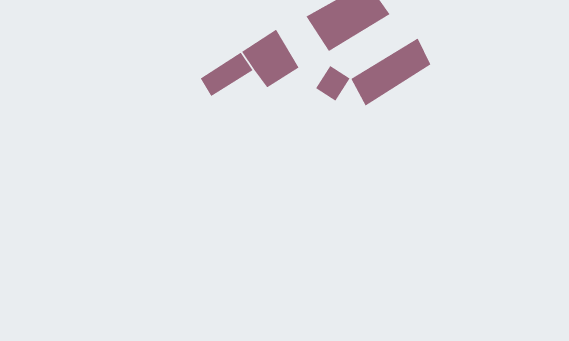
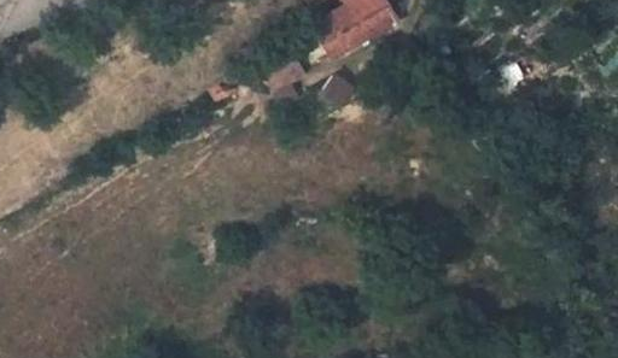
building: [350,37,431,106] -> none

